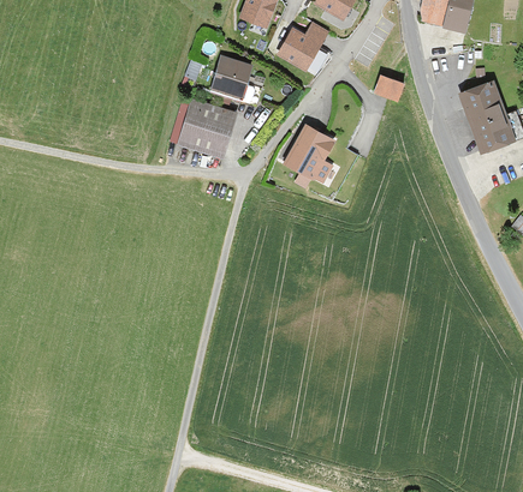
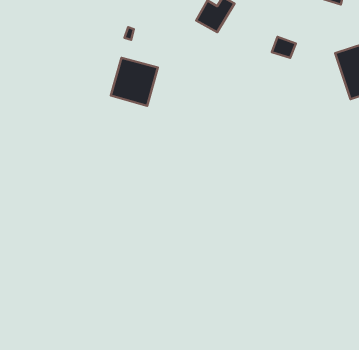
building: [209,56,248,97] -> none
building: [286,124,338,187] -> none

